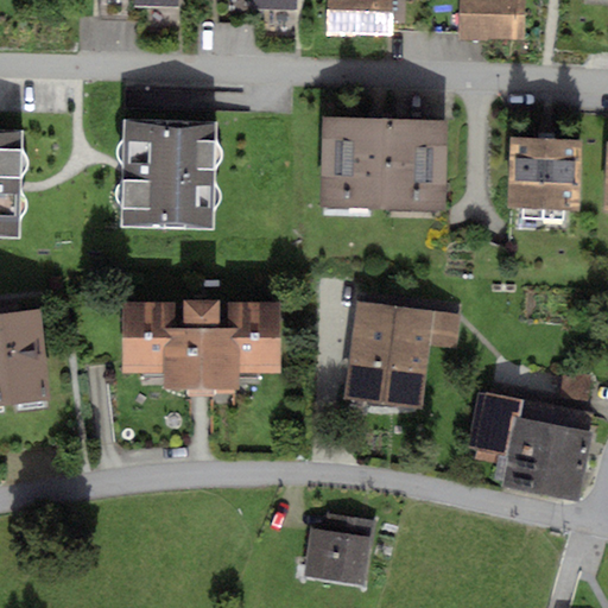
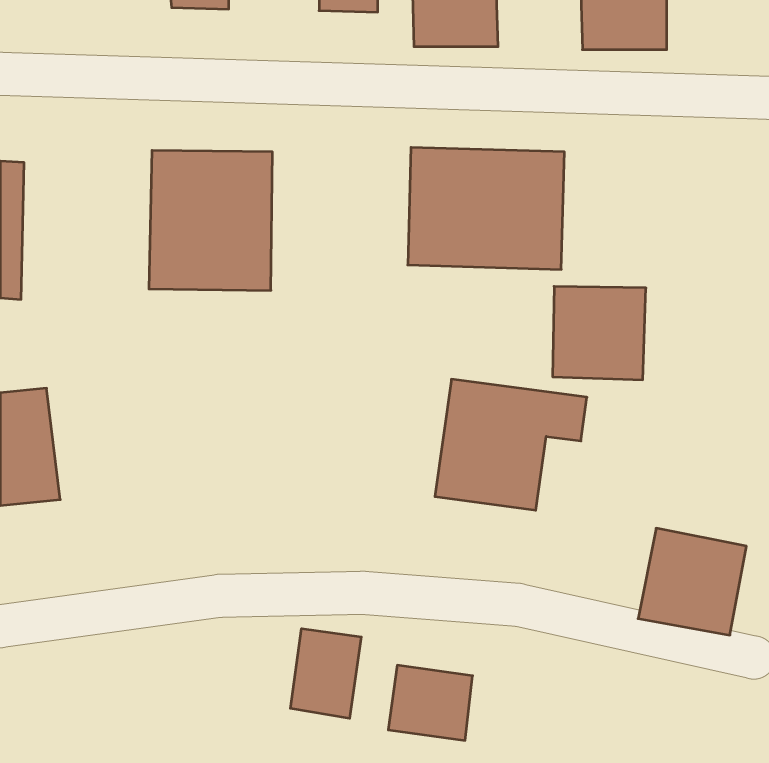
building: [507,138,581,211] -> [553,286,646,380]
building: [121,298,278,392] -> none
building: [468,392,520,454] -> none
building: none -> [290,629,361,718]

